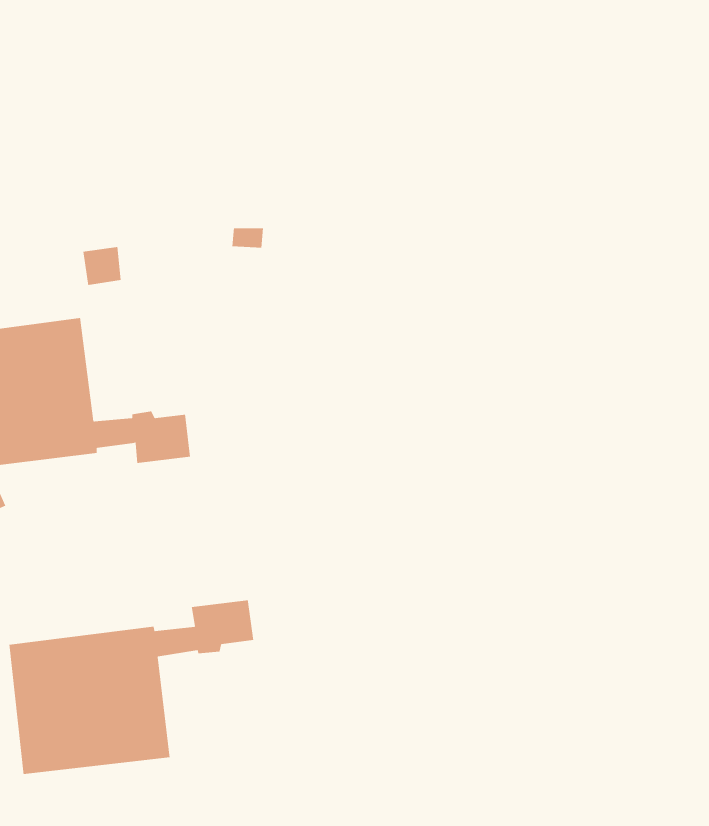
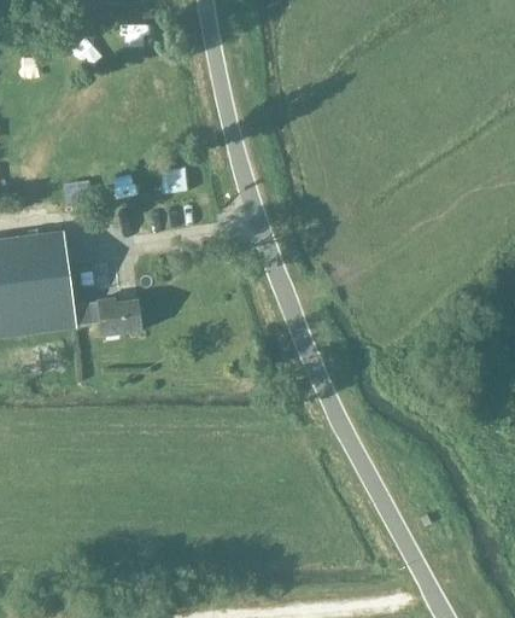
building: [9,599,254,775] -> none

